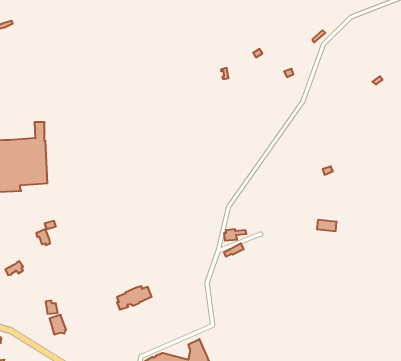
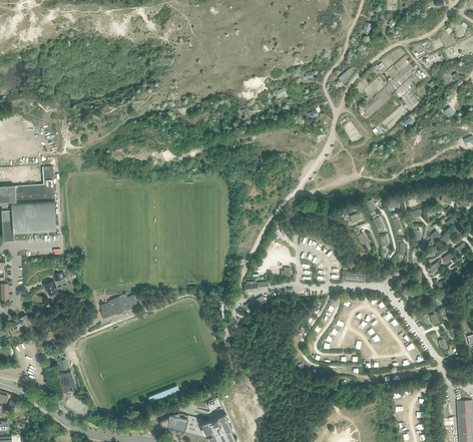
building: [117,286,152,310] -> [100,294,137,319]

